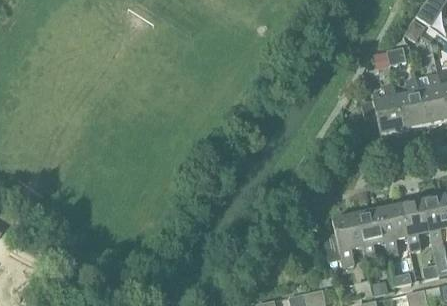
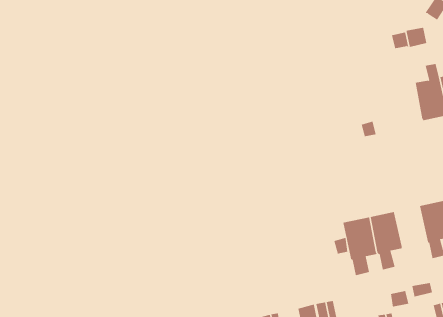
building: [361,82,401,134] -> none
building: [376,204,405,256] -> none

